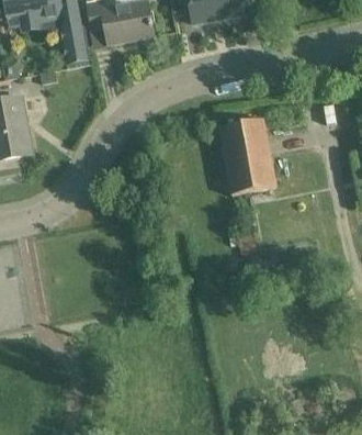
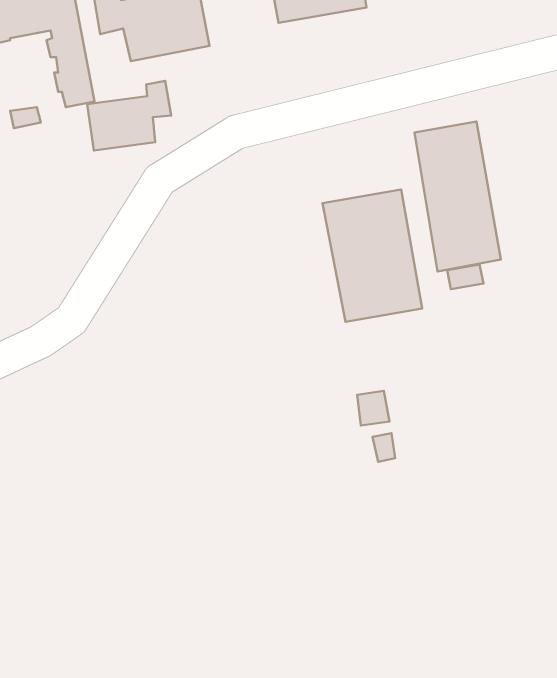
building: none -> [87,81,171,151]
building: none -> [414,121,501,271]

